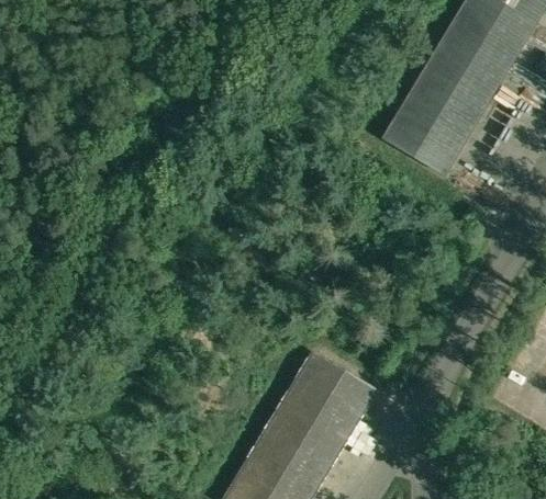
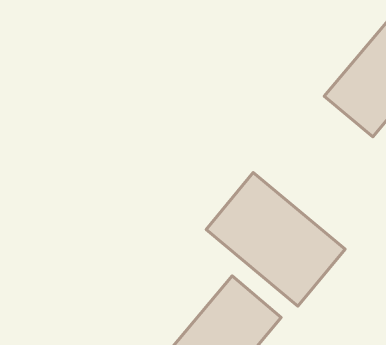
building: none -> [206,173,345,306]

